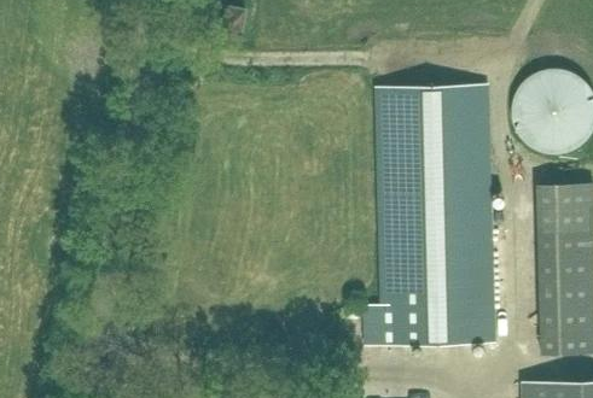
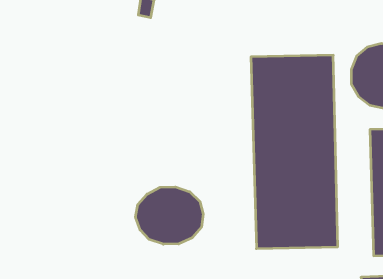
building: none -> [136,187,203,244]

